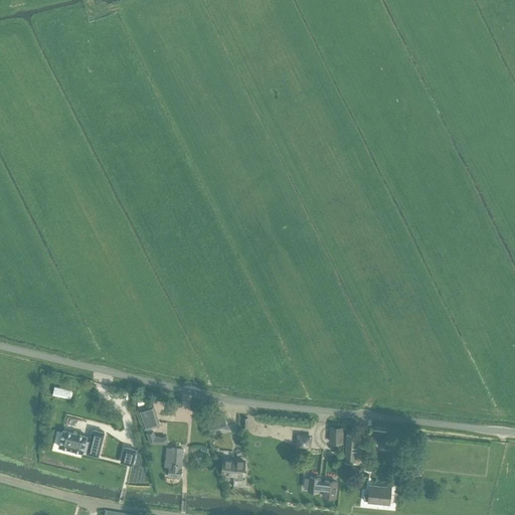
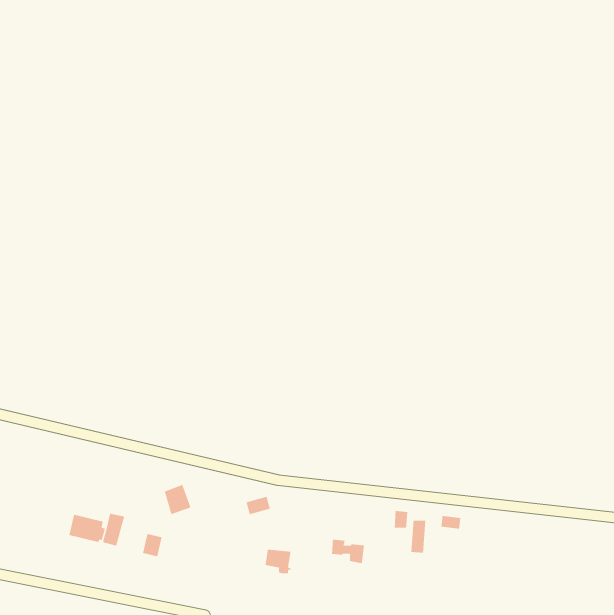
building: [164,448,182,477] -> none
building: [307,477,335,498] -> [331,539,365,564]
building: [361,486,389,504] -> none

